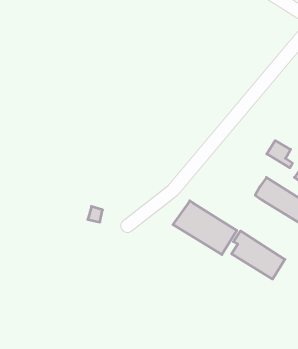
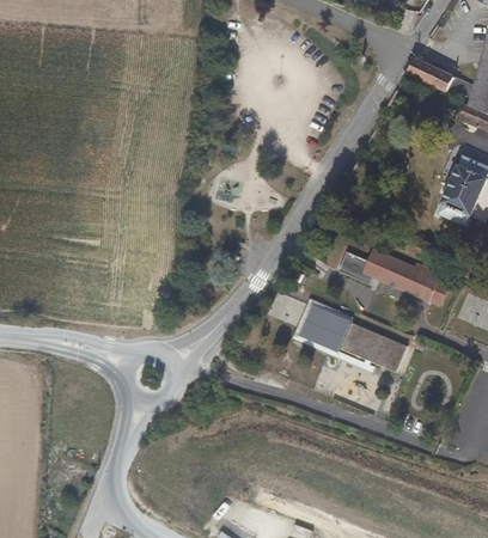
building: [267,141,292,168] -> [337,250,371,281]

